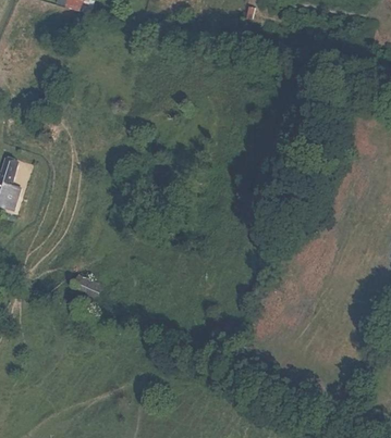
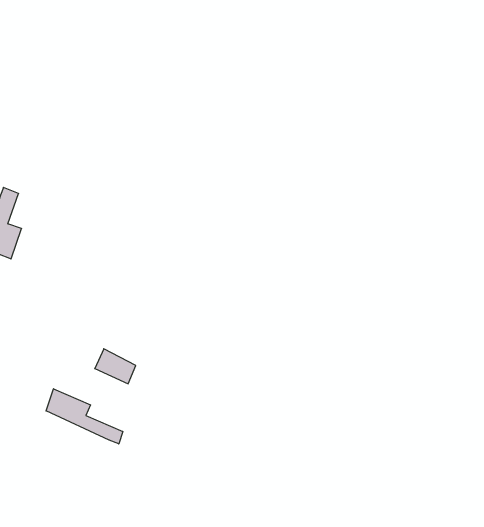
building: none -> [46,389,123,444]

